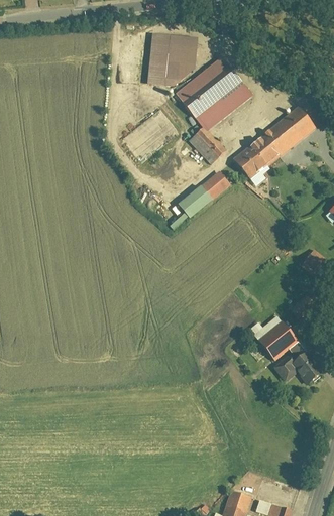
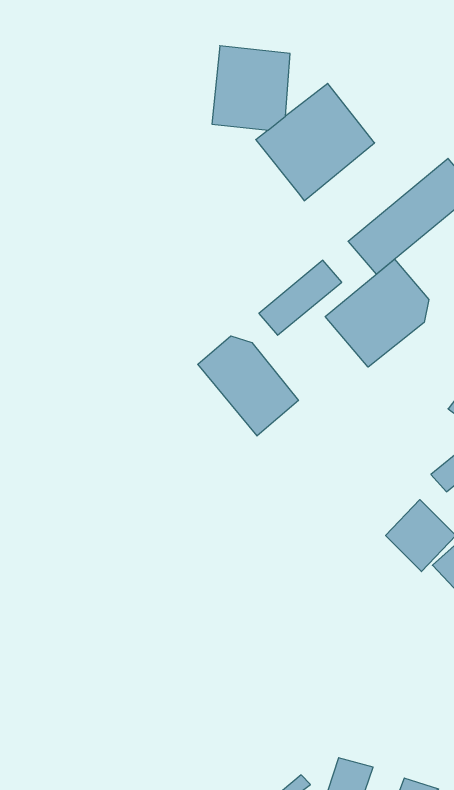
building: [190,128,223,164] -> none
building: none -> [325,259,429,367]
building: none -> [198,336,298,436]

